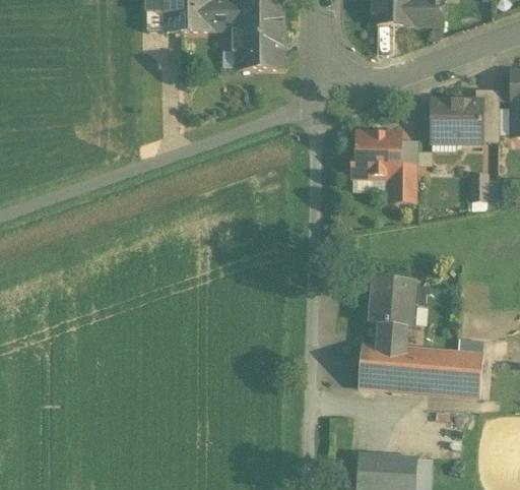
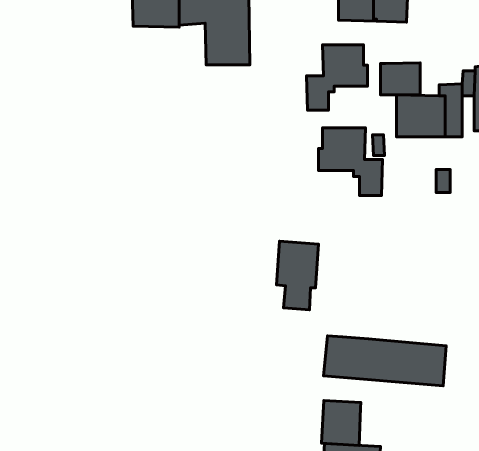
building: none -> [306,45,367,110]
building: none -> [380,63,420,95]
building: [370,277,412,347] -> [276,241,318,310]
building: none -> [322,401,361,445]

